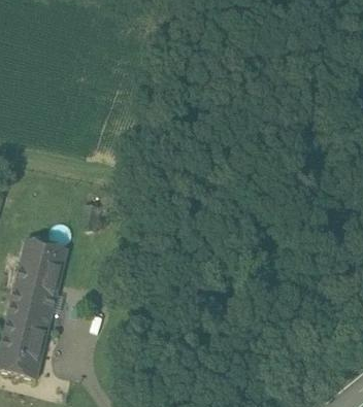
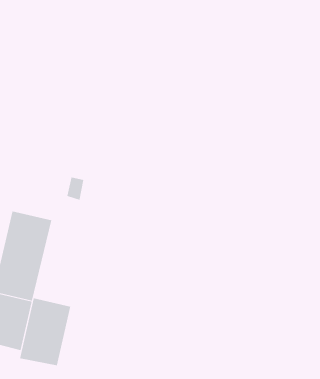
building: none -> [19,297,71,366]

